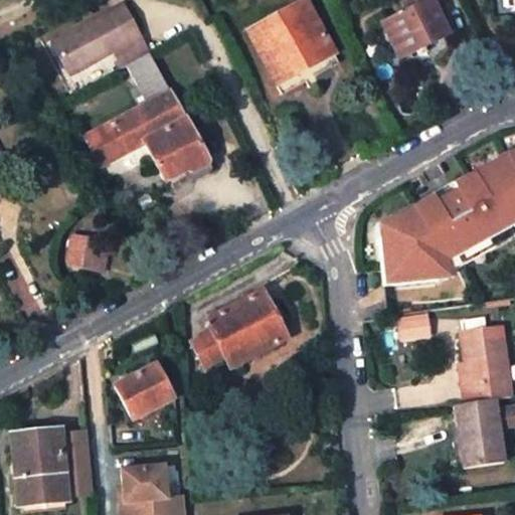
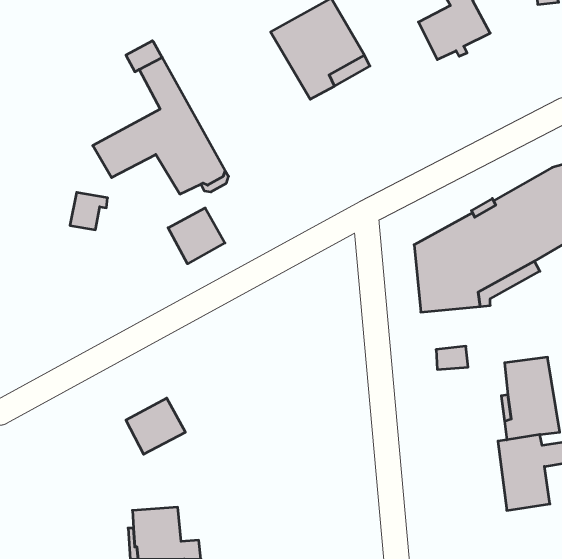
building: [53,4,139,72] -> none
building: none -> [168,208,225,264]
building: [80,234,115,269] -> [70,192,108,230]
building: [192,289,287,366] -> none
building: [14,430,93,499] -> none

